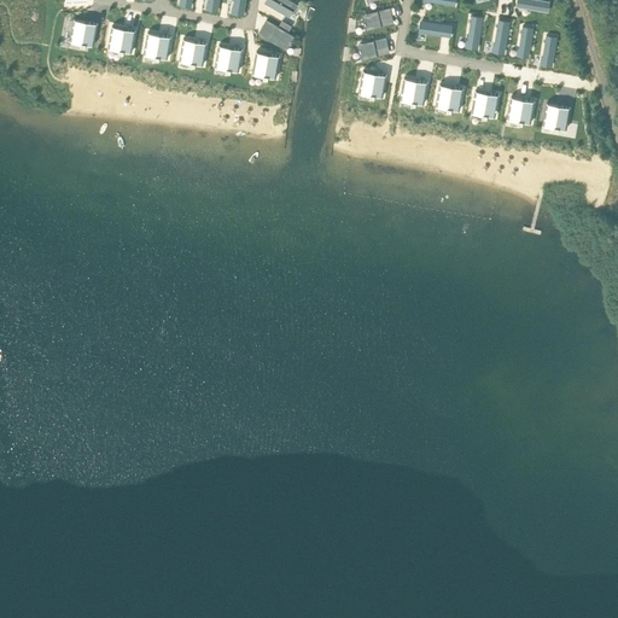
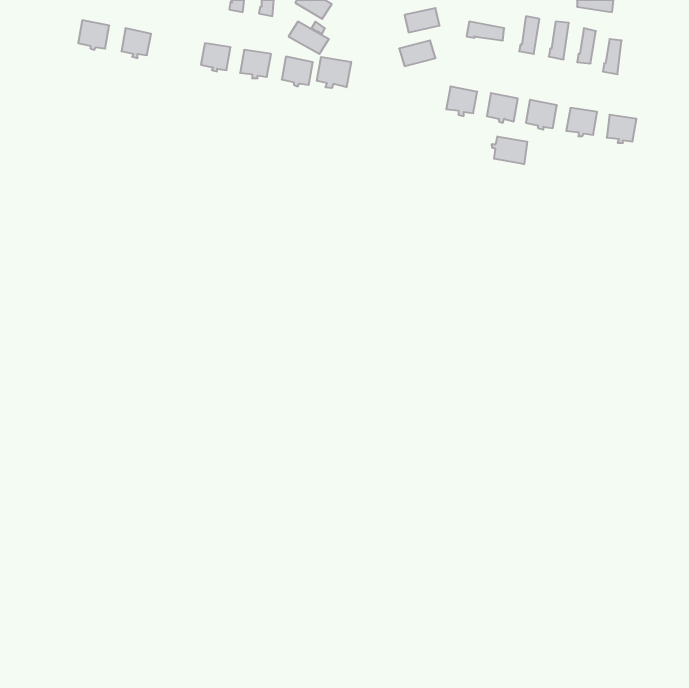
building: [144,33,171,59] -> none
building: none -> [317,57,351,88]
building: [358,71,386,98] -> none
building: none -> [492,136,527,164]

